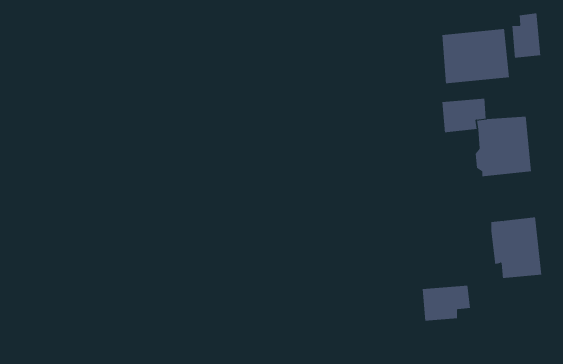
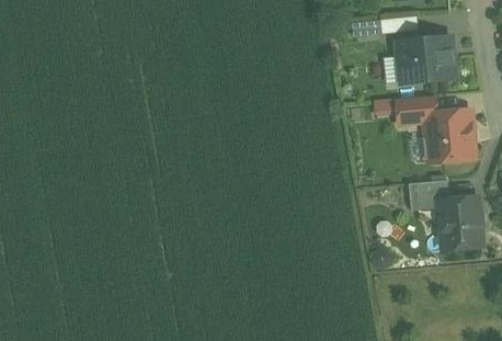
building: [512,13,541,58] -> none
building: [422,285,471,321] -> [408,180,449,211]

